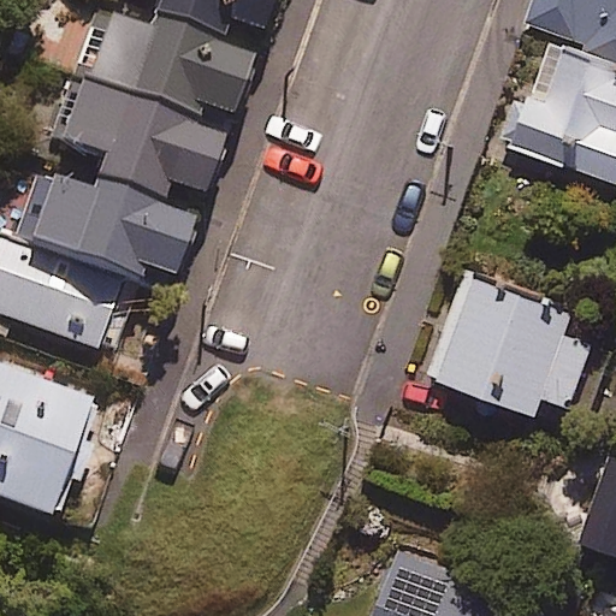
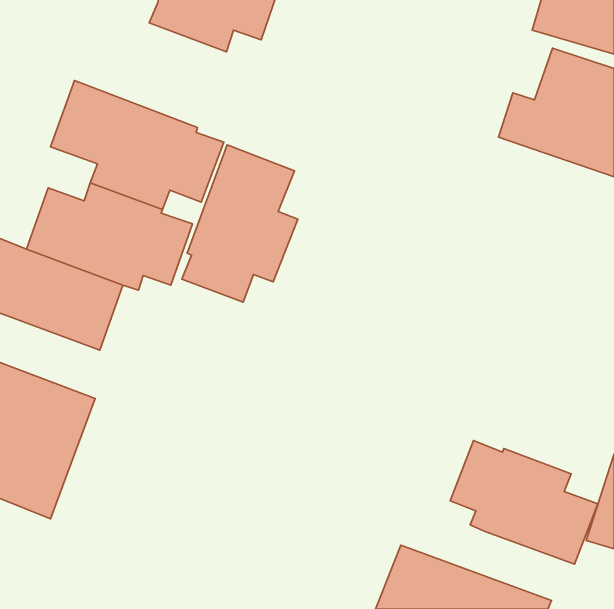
building: [75,11,253,128] -> none
building: none -> [182,145,298,302]
building: [433,270,597,414] -> none
building: none -> [450,441,598,564]

